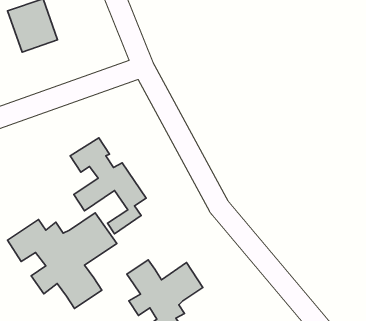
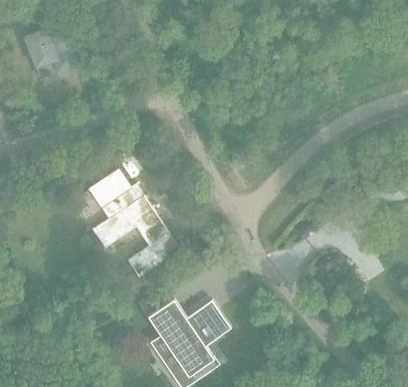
building: [8,213,117,309] -> none

